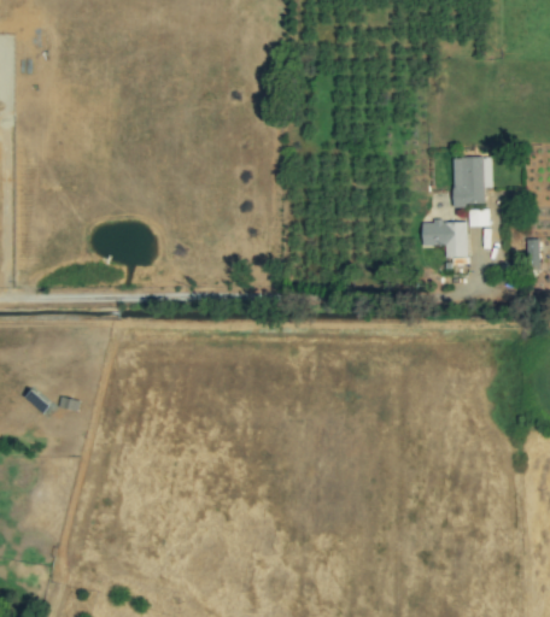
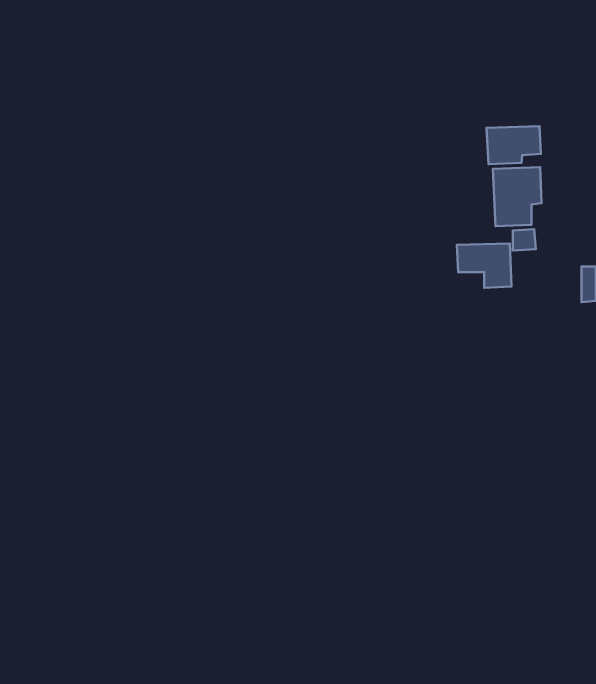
building: none -> [487,126,541,164]

